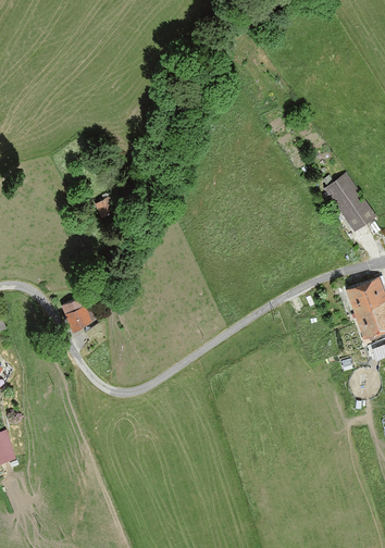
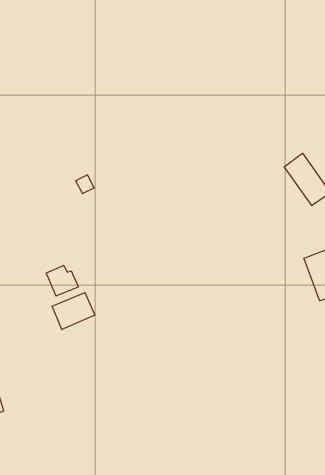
building: none -> [52,292,95,330]

